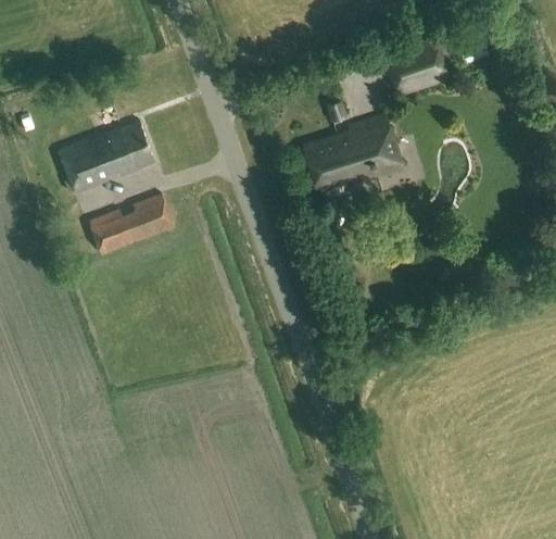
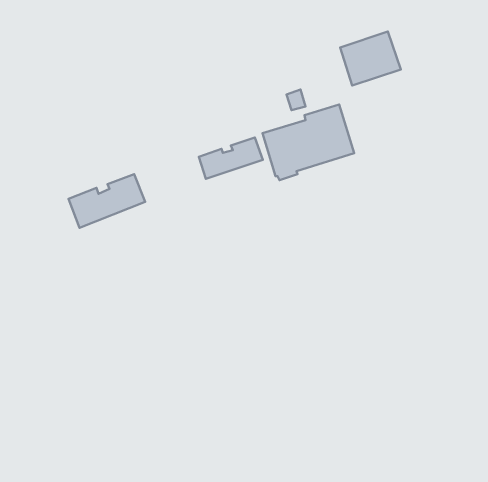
building: [60,120,155,192] -> none
building: none -> [199,137,263,179]

